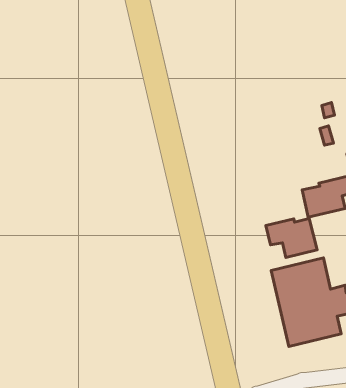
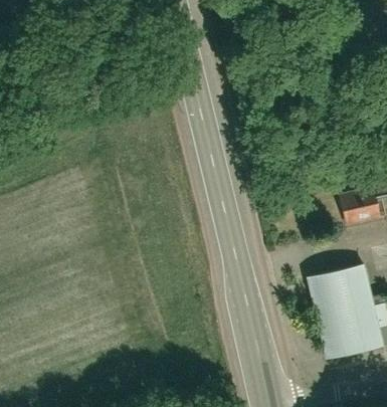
building: [266,218,317,257] -> none

